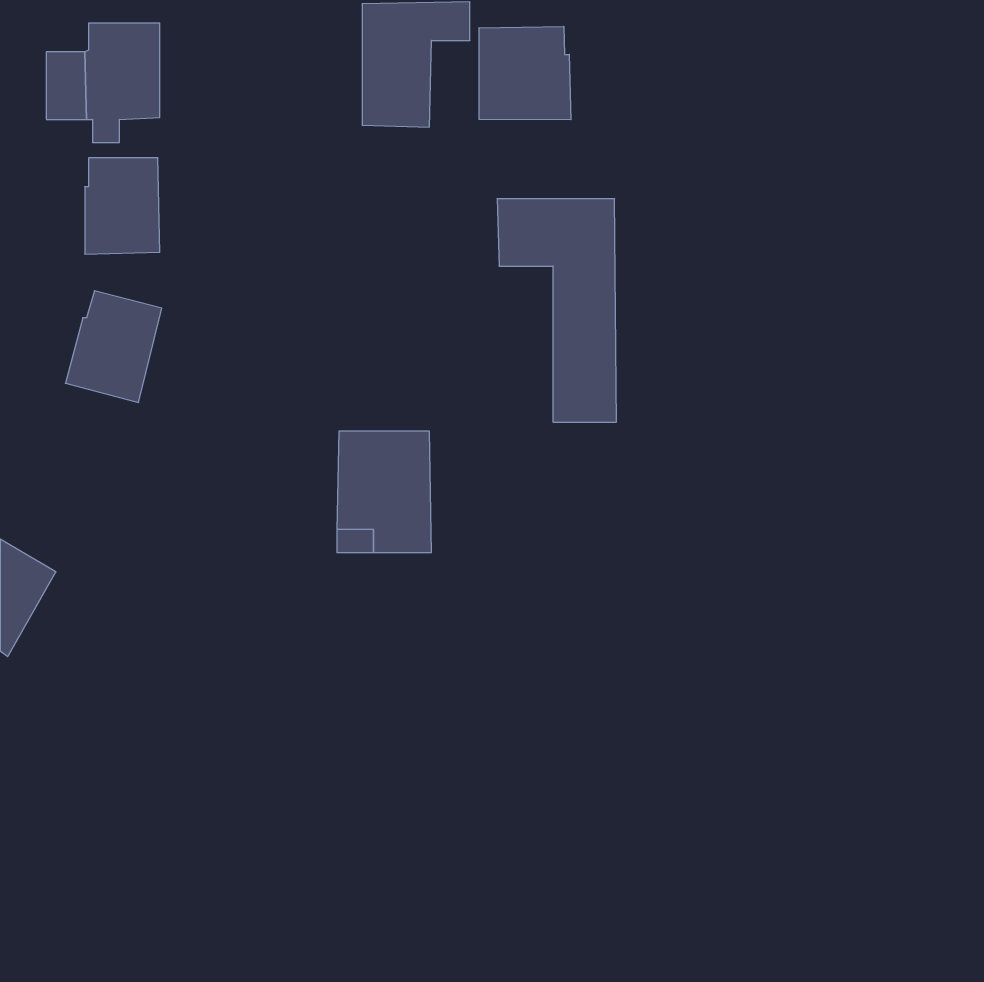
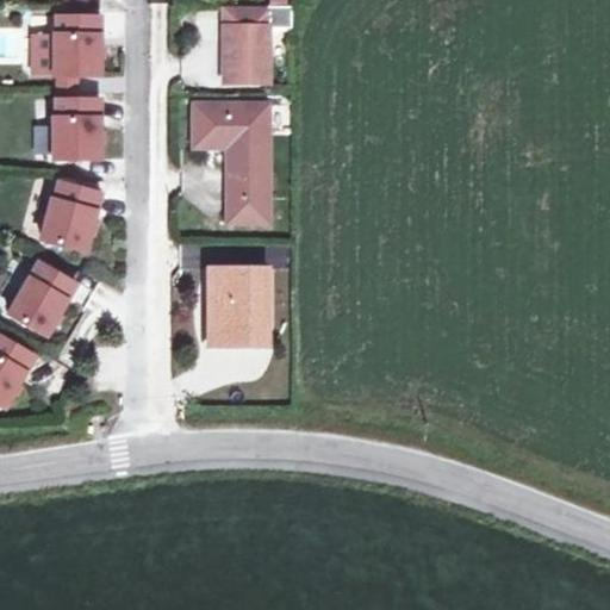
building: [479,26,571,120] -> none
building: [497,199,616,422] -> [193,105,267,243]
building: none -> [8,260,76,334]

